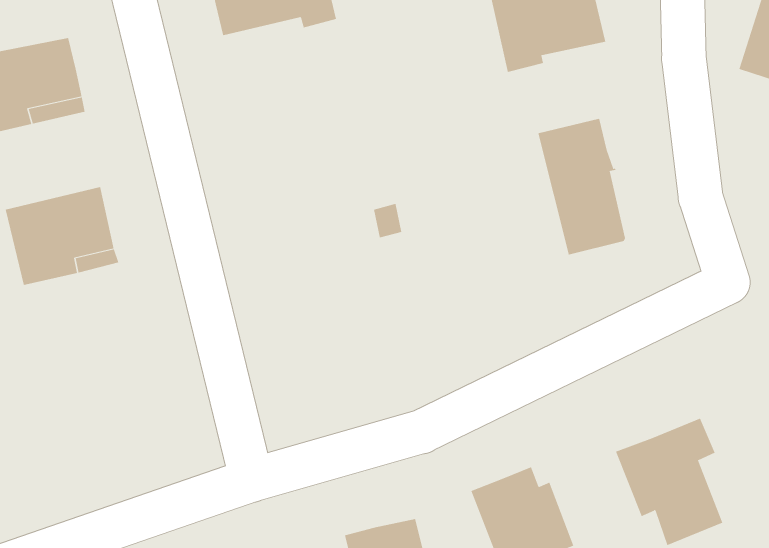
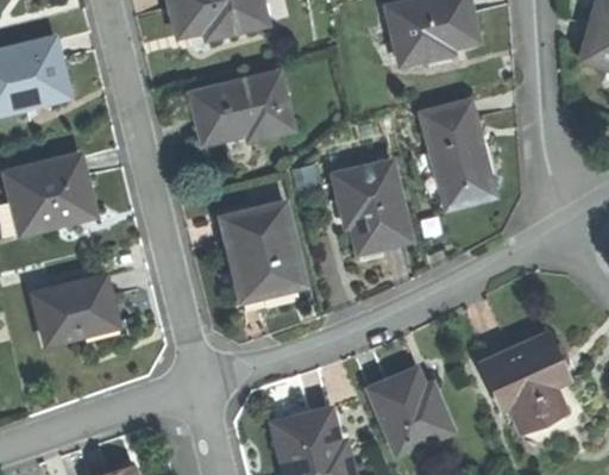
building: none -> [192,74,290,142]
building: none -> [333,161,410,251]
building: none -> [221,201,303,299]
building: none -> [31,275,115,344]

